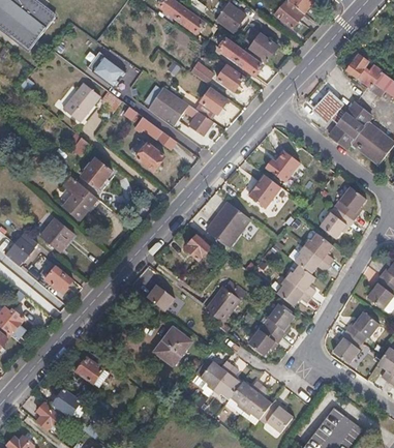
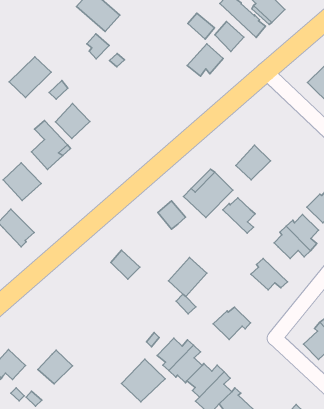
building: [62,83,99,121] -> [9,57,51,97]
building: [148,87,213,135] -> none
building: [133,116,176,149] -> none
building: [135,143,164,172] -> none
building: [266,150,300,181] -> none
building: [285,265,315,296] -> [223,198,255,233]
building: [265,303,294,337] -> none
building: [153,326,192,365] -> [121,359,165,402]
building: [75,352,107,383] -> [38,350,72,384]

